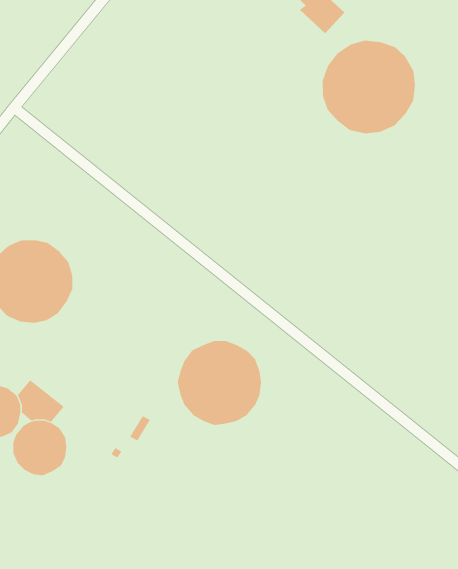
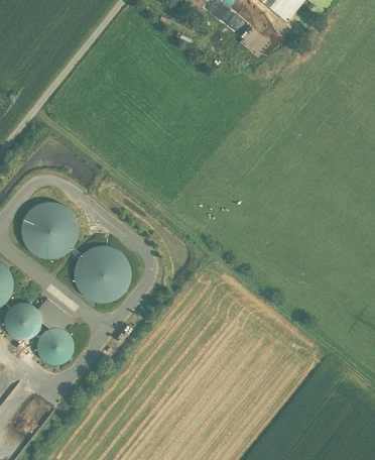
building: [322,40,415,134] -> none
building: [177,340,262,425] -> [72,244,131,304]

